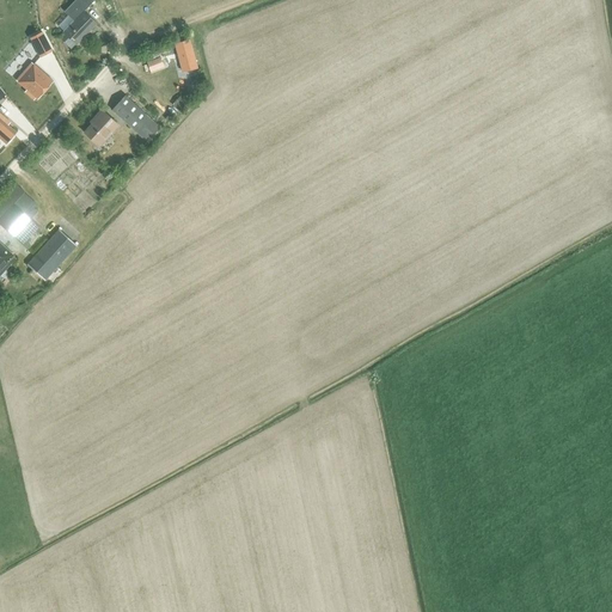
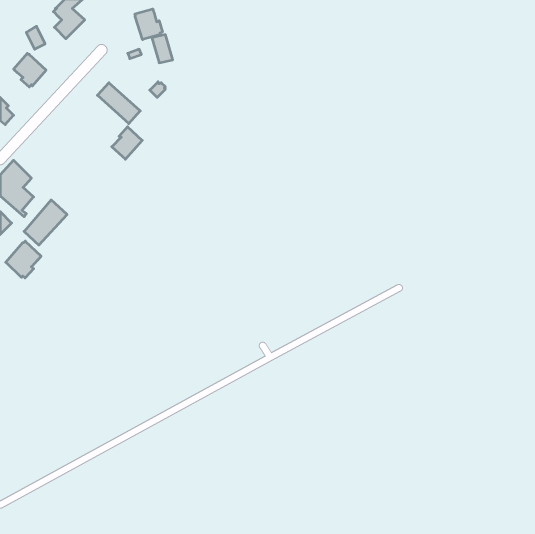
building: none -> [135,9,162,40]
building: [84,109,118,146] -> [112,127,142,159]
building: none -> [6,241,41,278]

